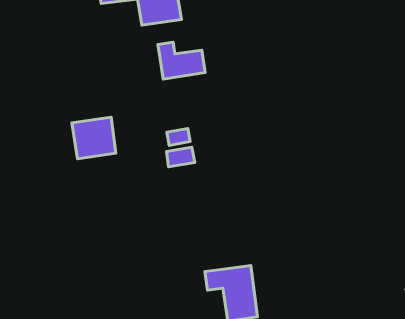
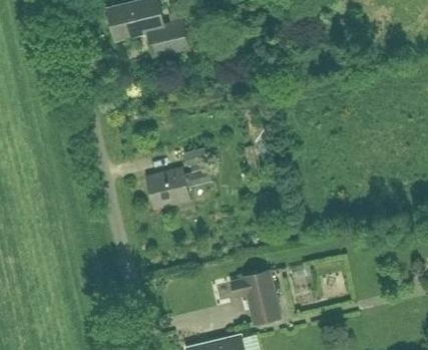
building: [158,42,205,79] -> none
building: [72,117,116,159] -> [144,167,187,209]

